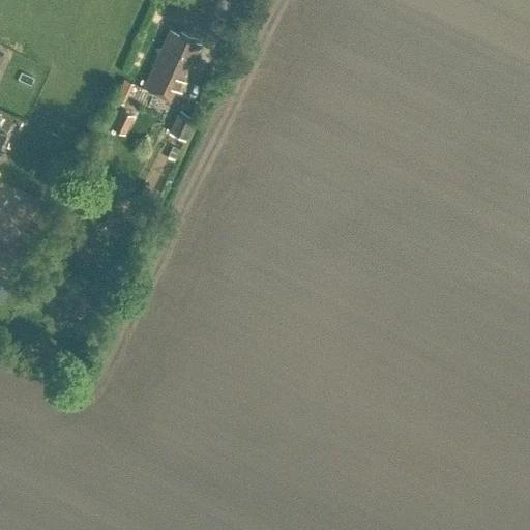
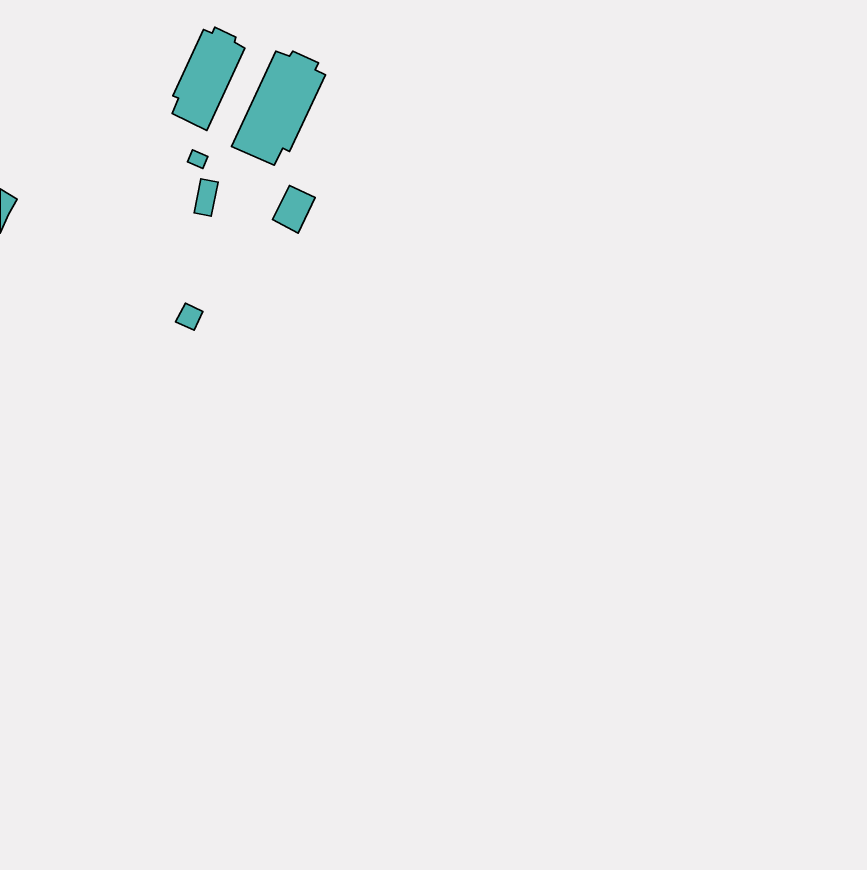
building: none -> [172,27,245,130]

